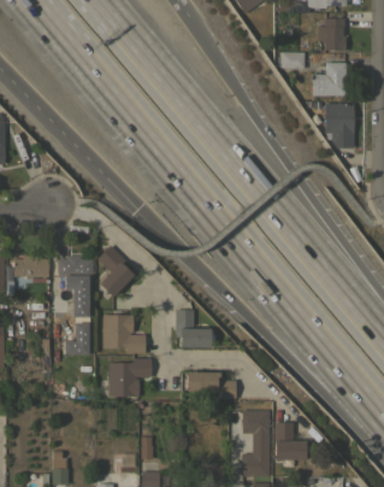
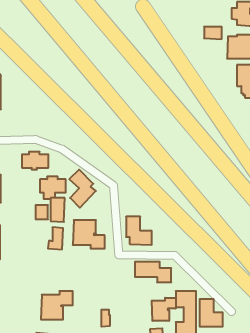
building: [13,256,49,280] -> [22,152,48,170]
building: [108,358,152,397] -> [41,291,73,320]
building: none -> [152,298,176,321]

